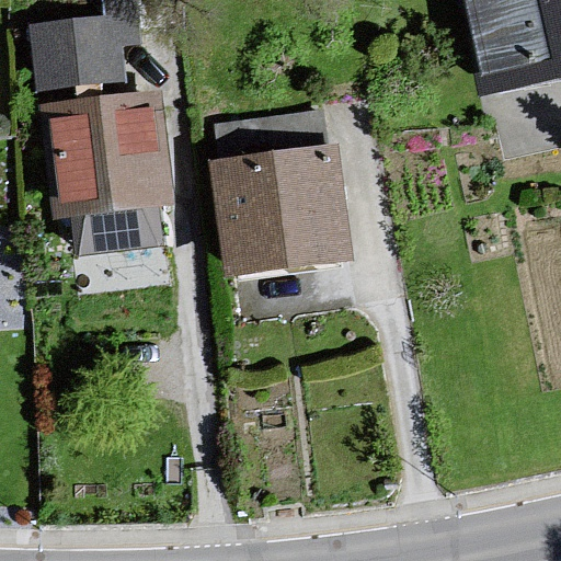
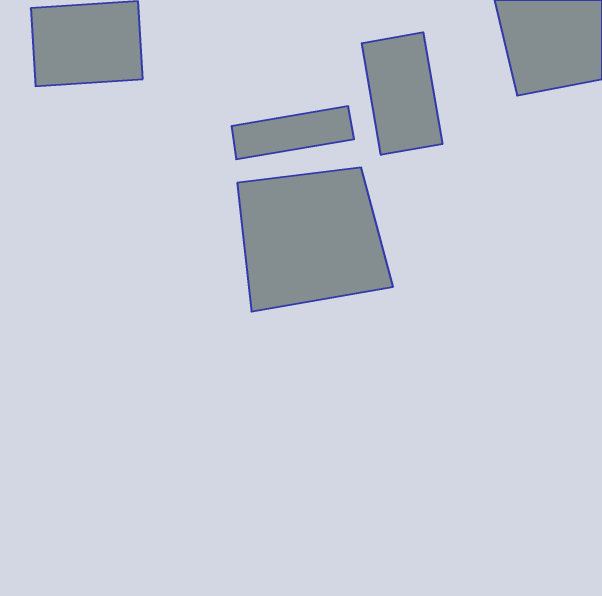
building: none -> [362,32,442,155]
building: [42,87,173,251] -> none

